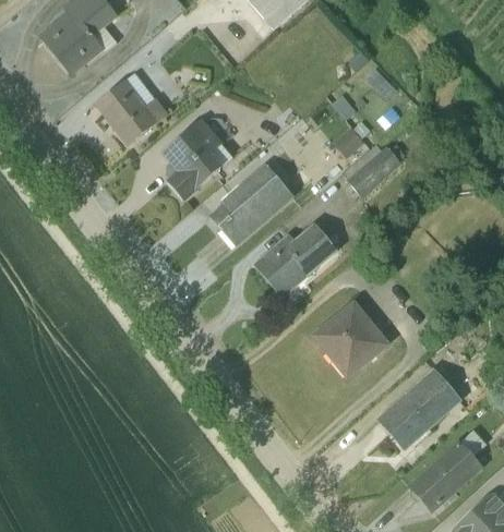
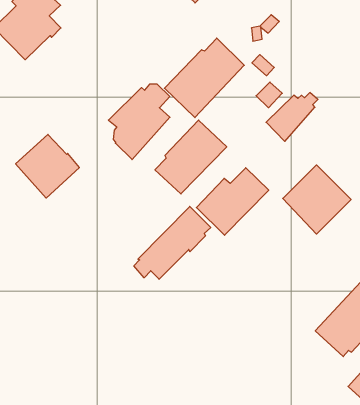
building: none -> [164,38,244,118]
building: [94,72,167,145] -> [16,134,79,198]
building: none -> [134,206,211,279]
building: [311,299,389,378] -> [283,165,351,234]

